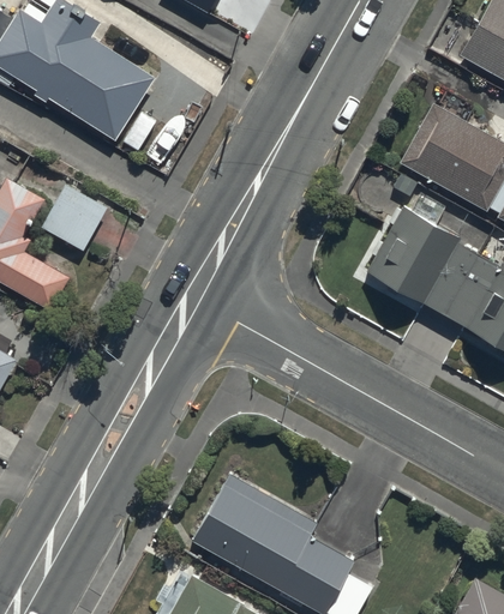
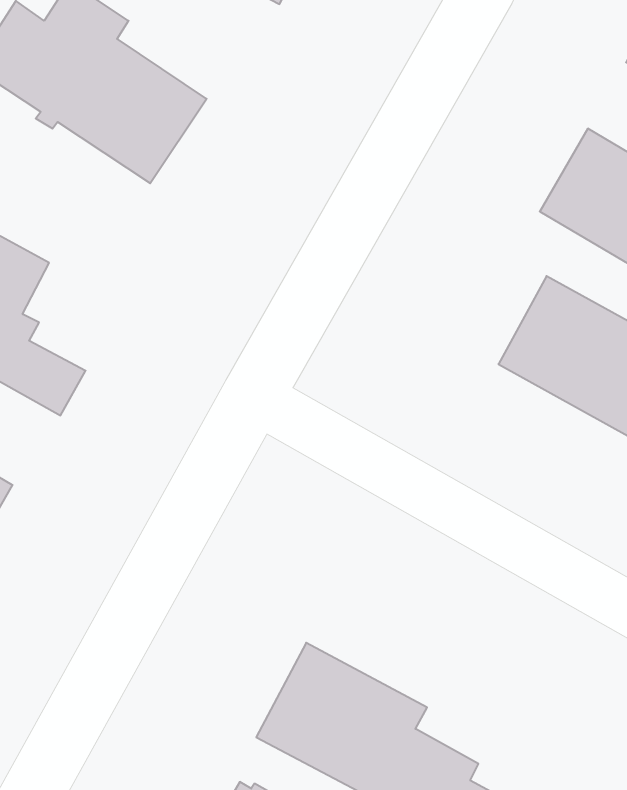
building: [40,183,107,251] -> none

